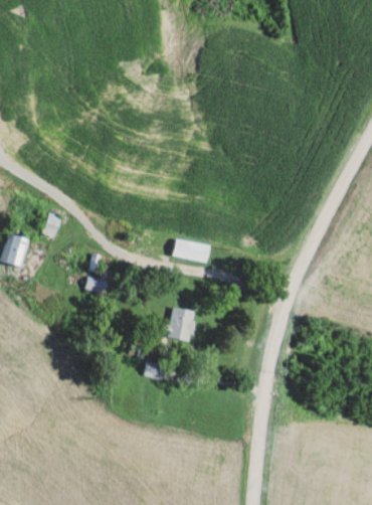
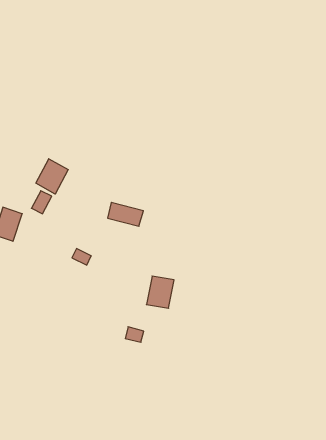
building: none -> [36,159,68,194]
building: [172,237,211,264] -> [108,202,143,226]

